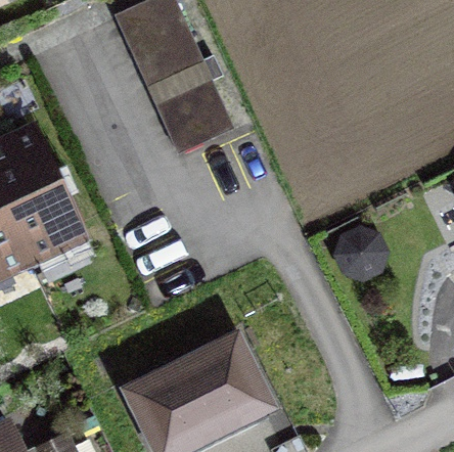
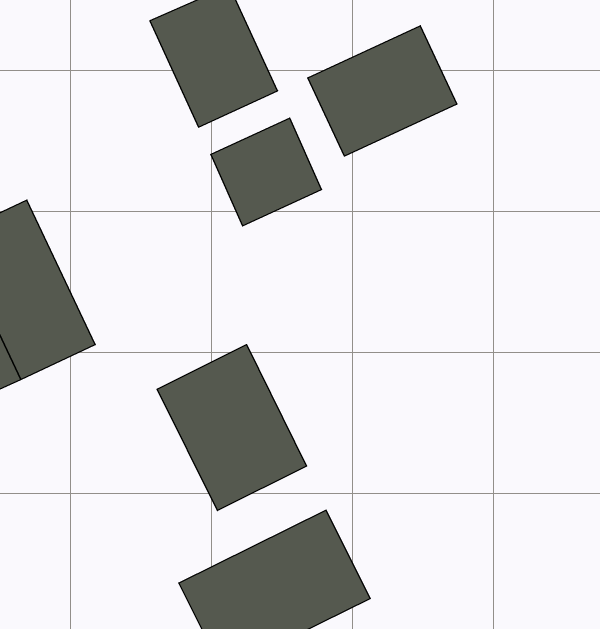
building: none -> [308,26,457,156]
building: none -> [157,345,307,511]

